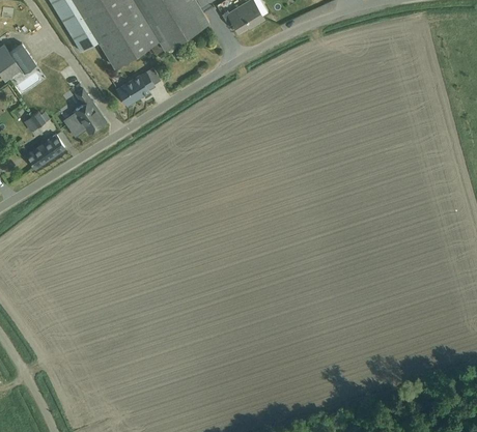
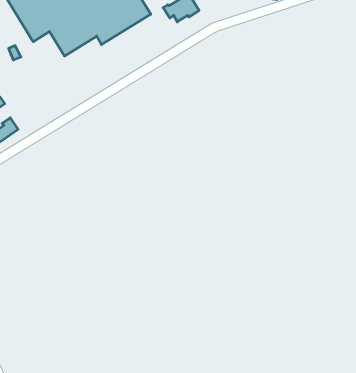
building: [116,68,161,106] -> none
building: [63,89,105,134] -> none

